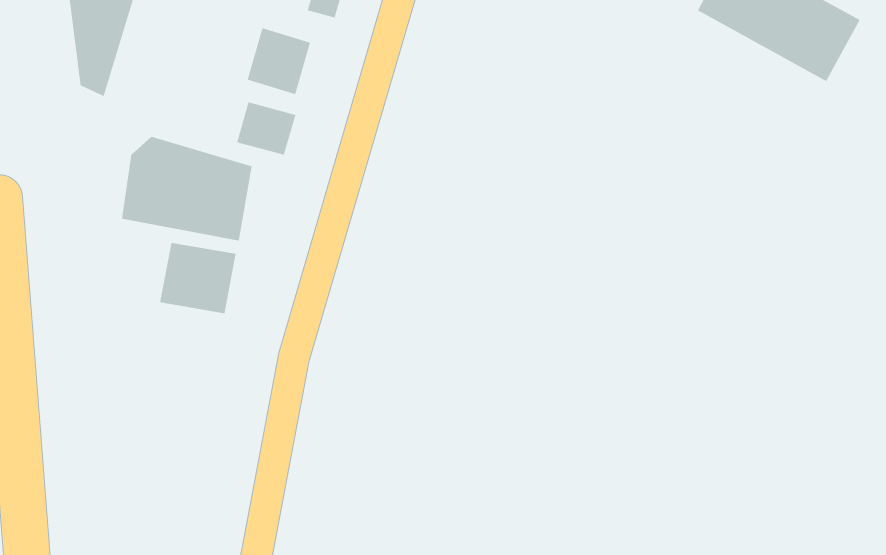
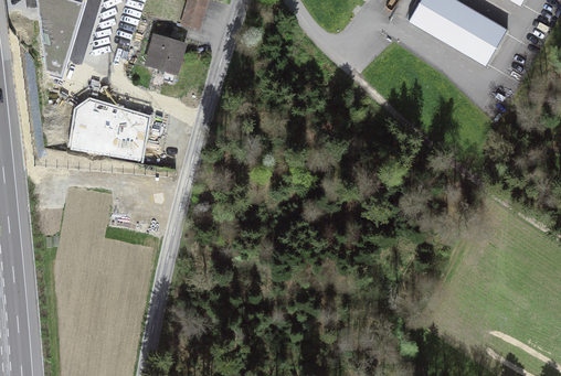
building: [236,102,296,156] -> none
building: [160,242,236,314] -> none

